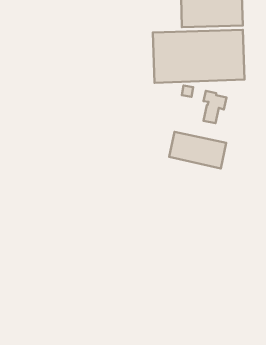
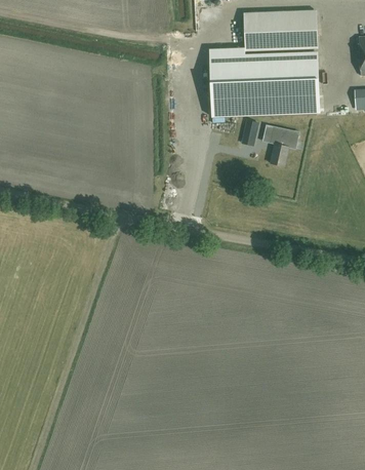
building: [169,132,226,169] -> none

